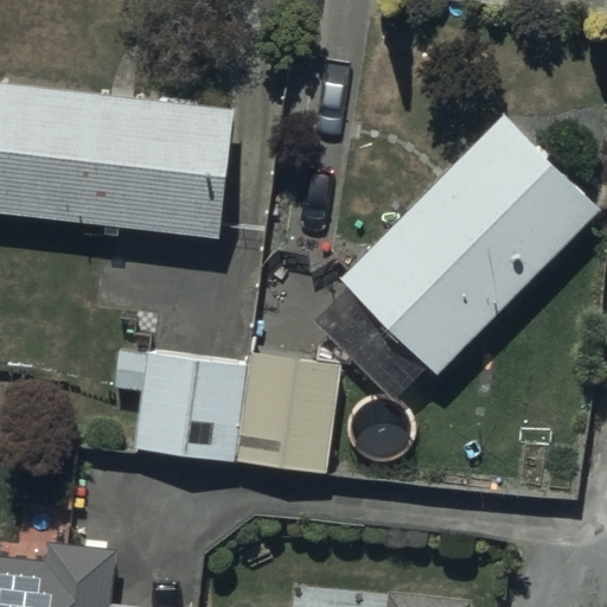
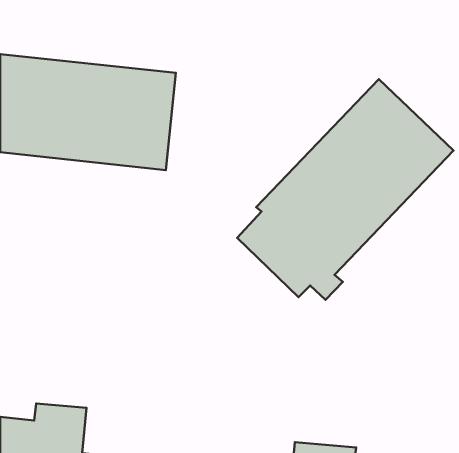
building: [116,352,338,474] -> none

